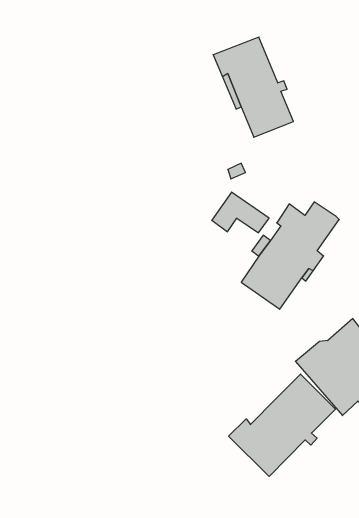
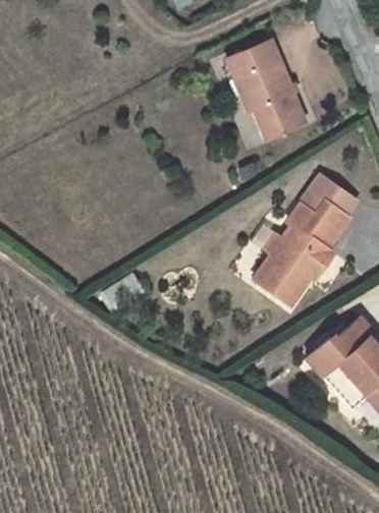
building: [212,192,269,233] -> [301,176,357,216]
building: [229,374,335,476] -> none

